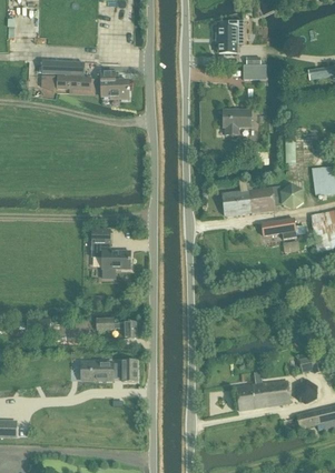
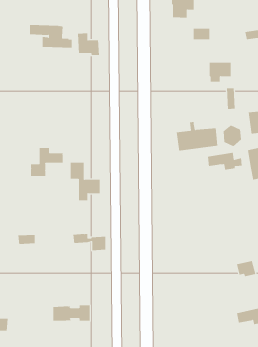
building: [223,109,250,133] -> [209,62,231,82]
building: none -> [31,147,63,177]
building: [89,360,136,380] -> [53,305,90,321]
building: [235,370,289,410] -> none

